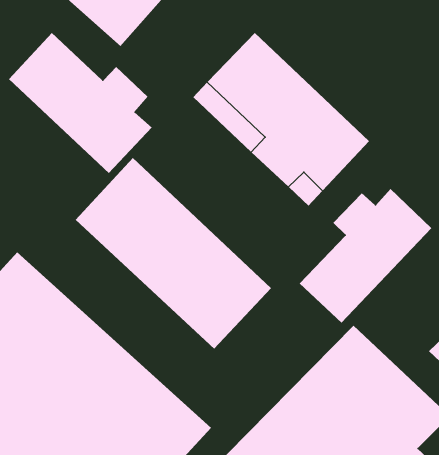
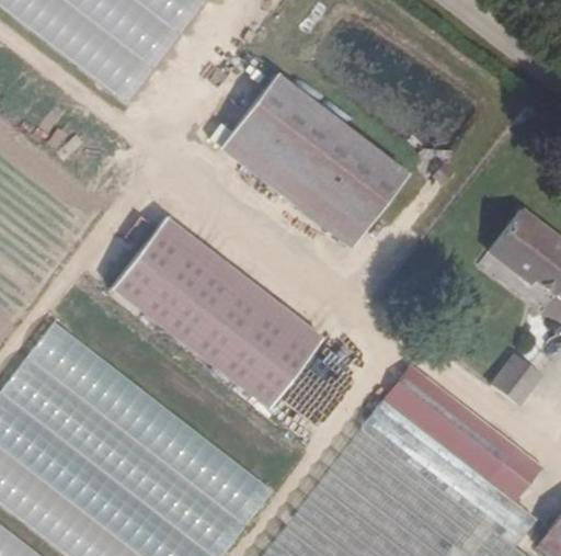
building: [8,32,153,174] -> none
building: [299,188,432,323] -> none

